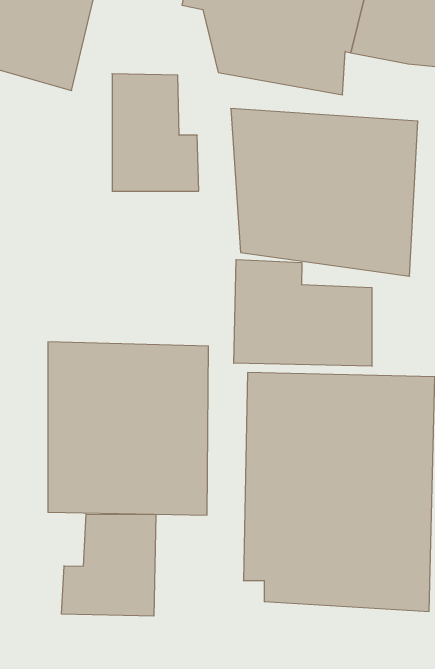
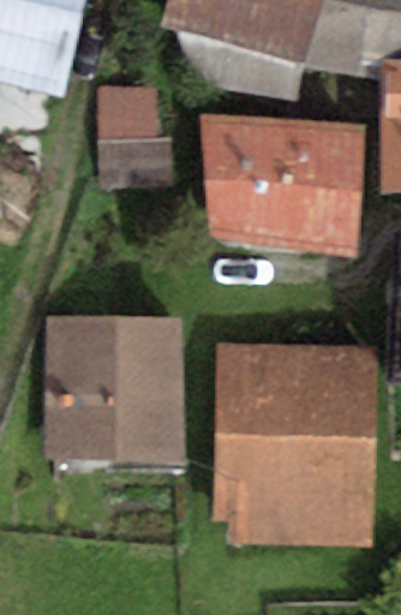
building: [234,260,372,366] -> none
building: [62,514,156,616] -> none

